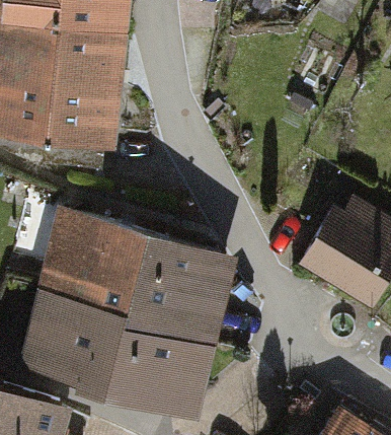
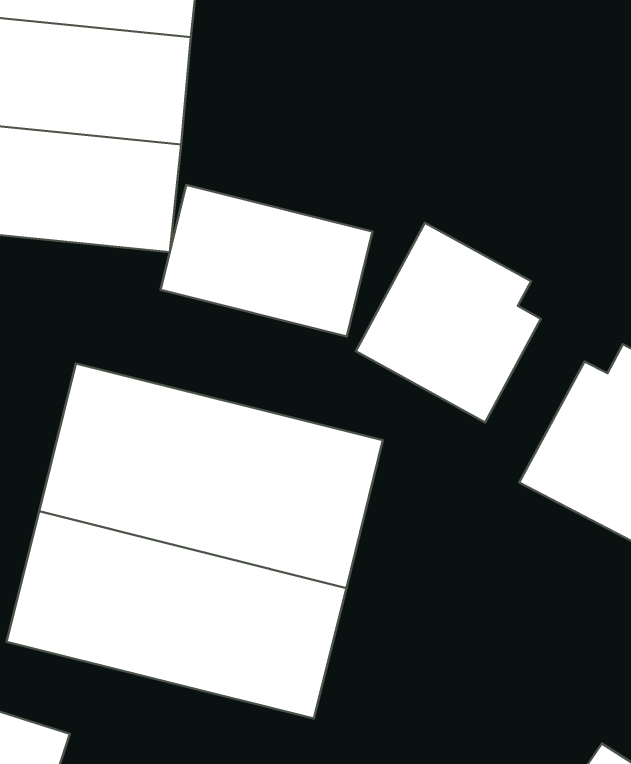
building: none -> [161,185,373,337]
building: none -> [356,223,541,422]

